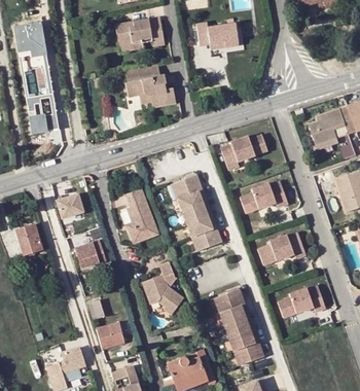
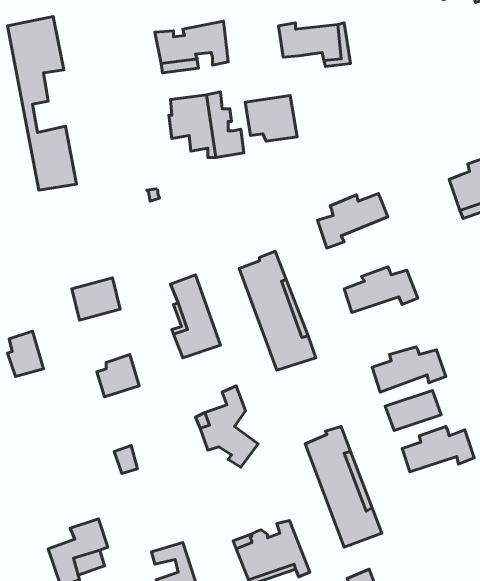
building: none -> [245,95,297,141]
building: none -> [385,391,441,431]
building: [96,322,123,349] -> none

